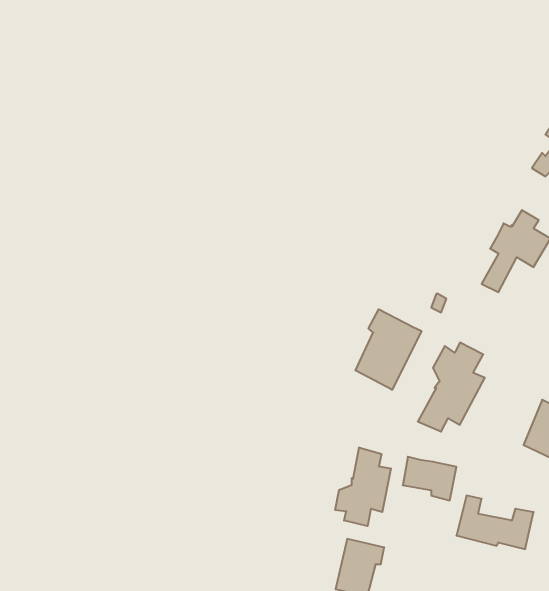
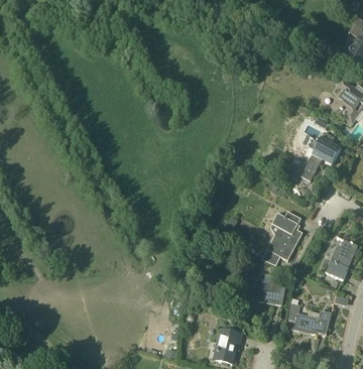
building: [356,309,421,390] -> none
building: [335,447,391,526] -> none

